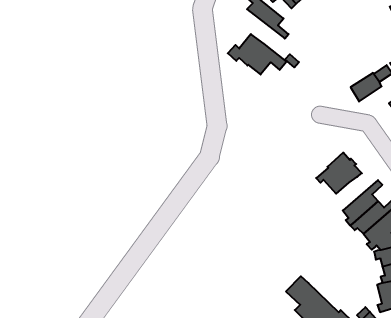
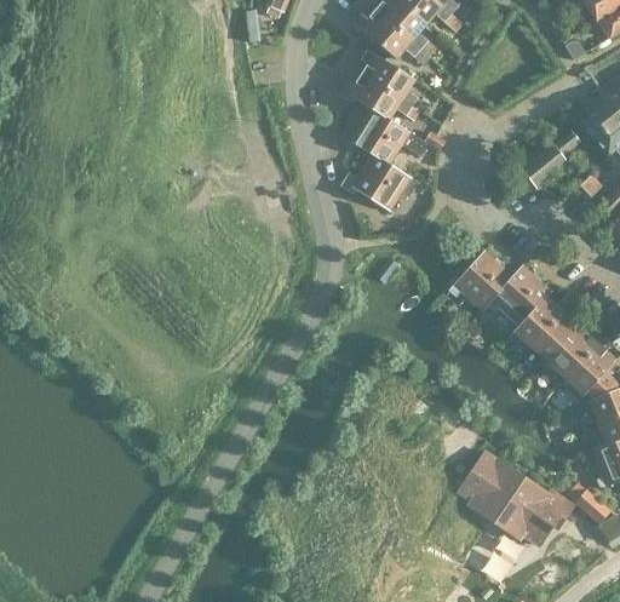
building: none -> [339,73,421,120]
building: none -> [341,153,418,211]
building: none -> [449,250,512,311]
building: none -> [510,291,578,348]

